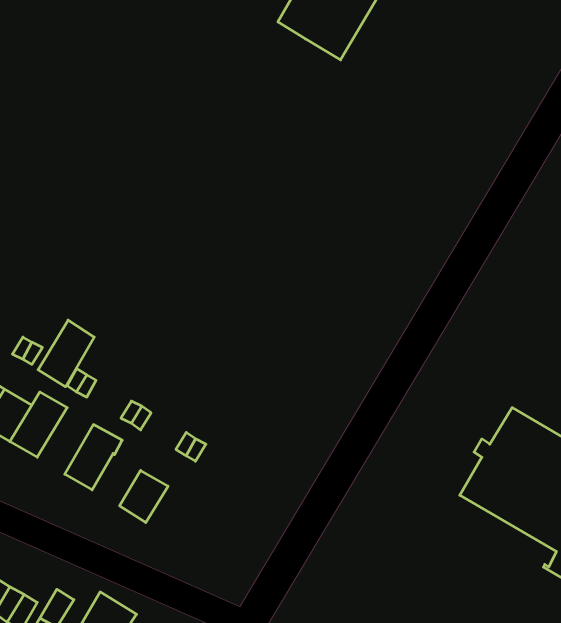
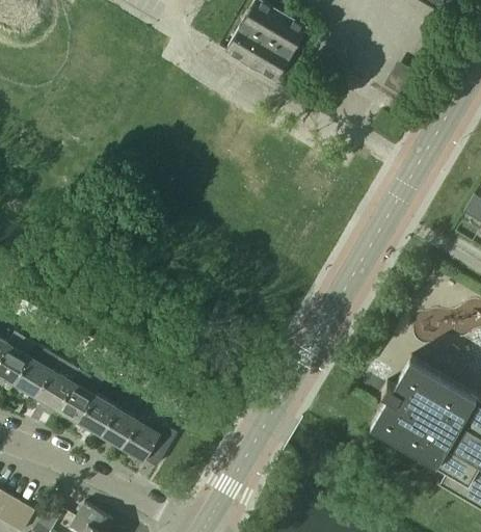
building: [38,320,94,387] -> [34,358,79,411]
building: none -> [78,395,116,436]
building: none -> [121,421,177,469]

